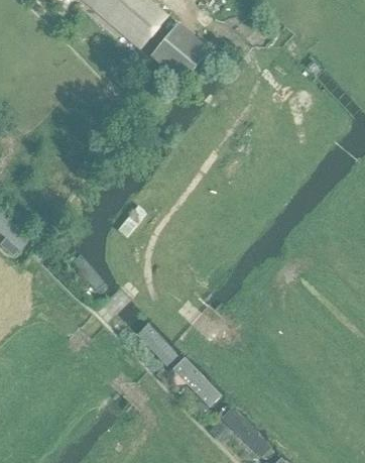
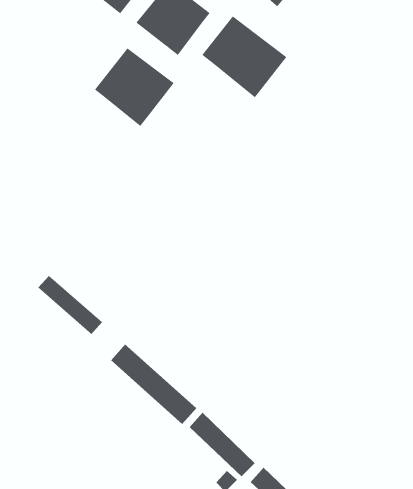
building: none -> [202,15,287,98]
building: none -> [94,47,175,127]

